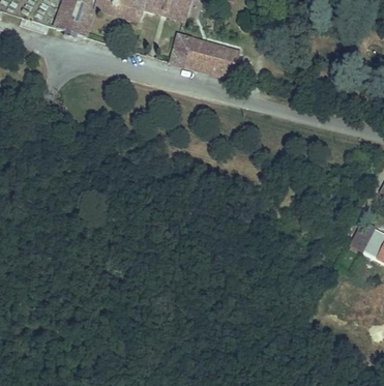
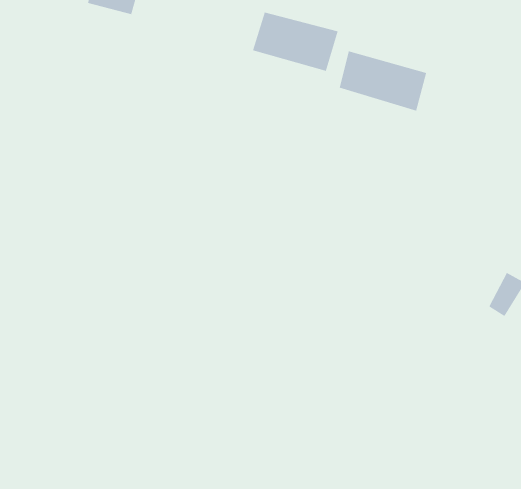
building: none -> [339,50,427,111]

